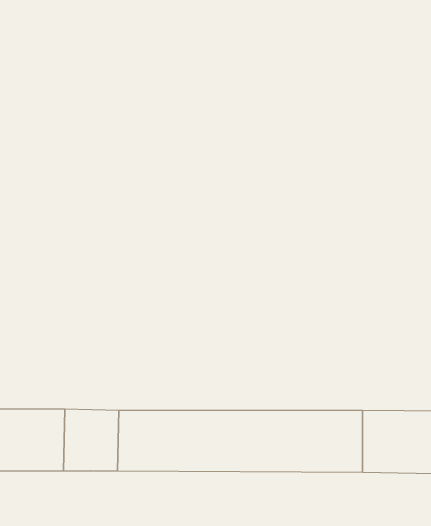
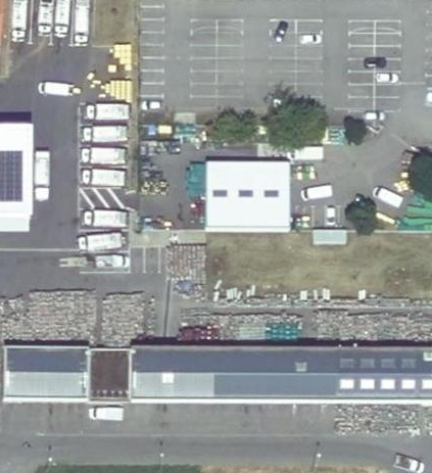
building: none -> [205,159,290,224]

